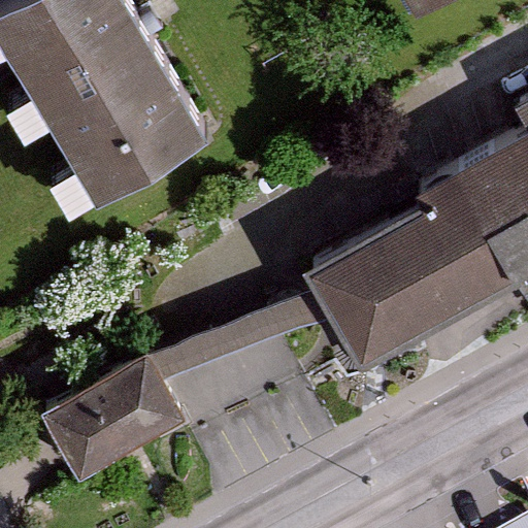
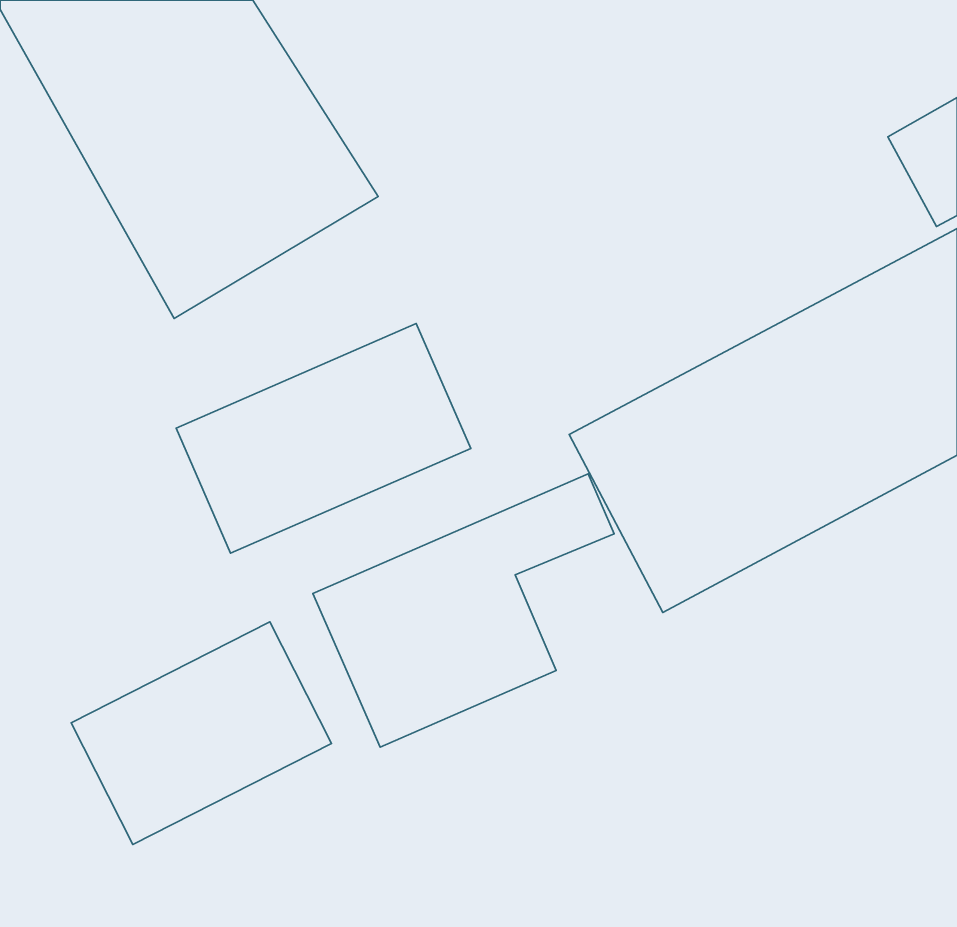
building: none -> [176,324,471,553]

